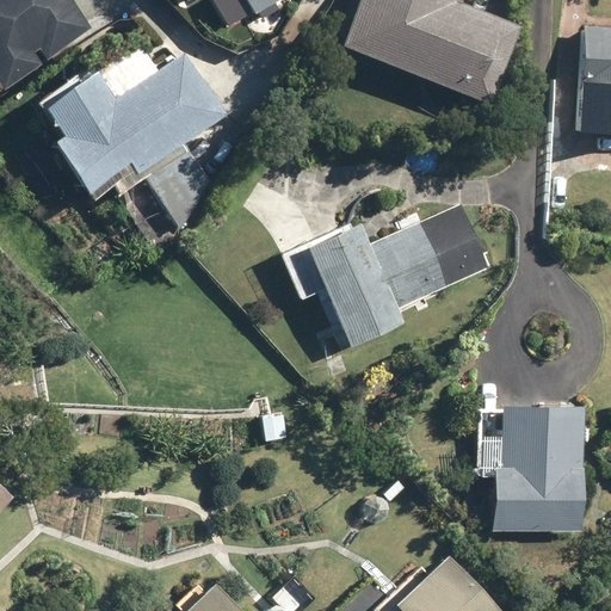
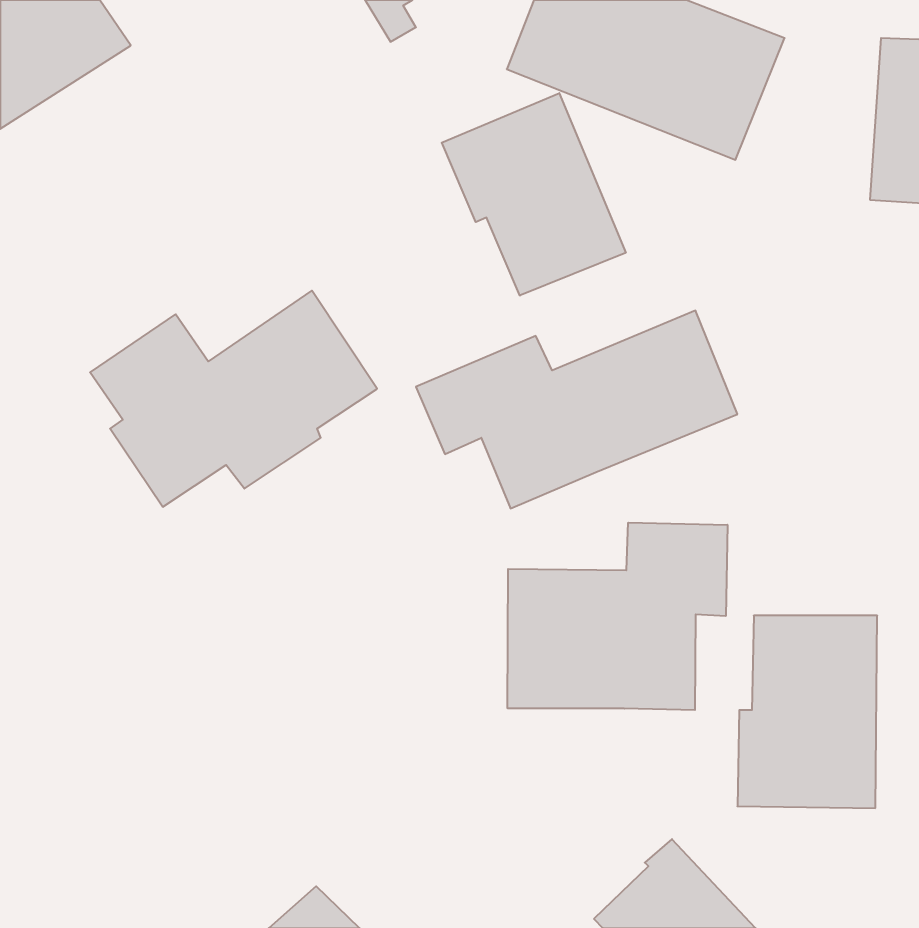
building: [41,53,229,195] -> [90,291,377,507]
building: none -> [442,93,626,296]
building: none -> [508,523,727,710]

